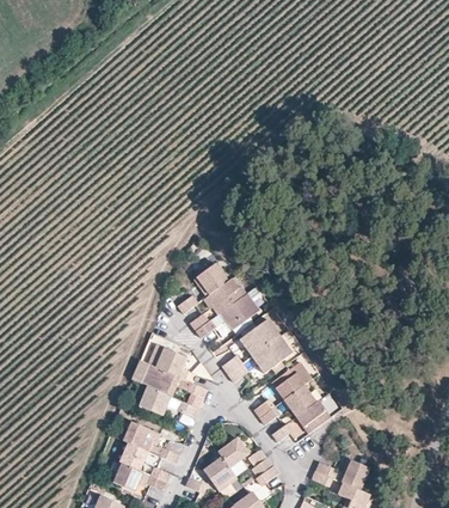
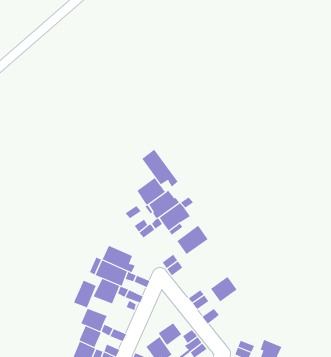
building: none -> [141,149,179,187]
building: [252,337,291,373] -> none
building: [270,361,310,398] -> none
building: none -> [73,280,96,308]
building: [294,398,330,433] -> none

